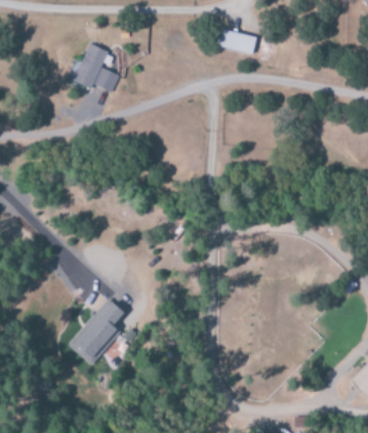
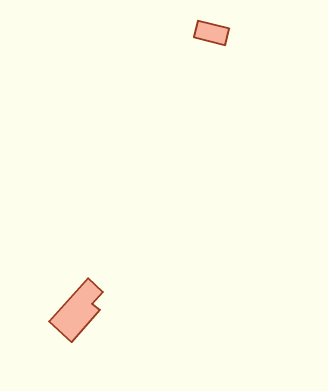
building: [72,42,120,90] -> none

